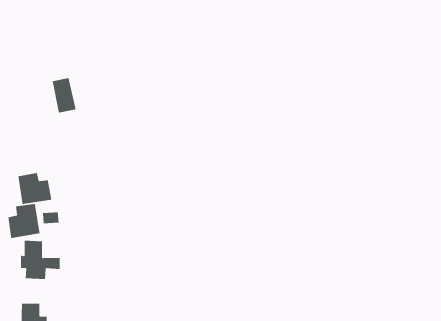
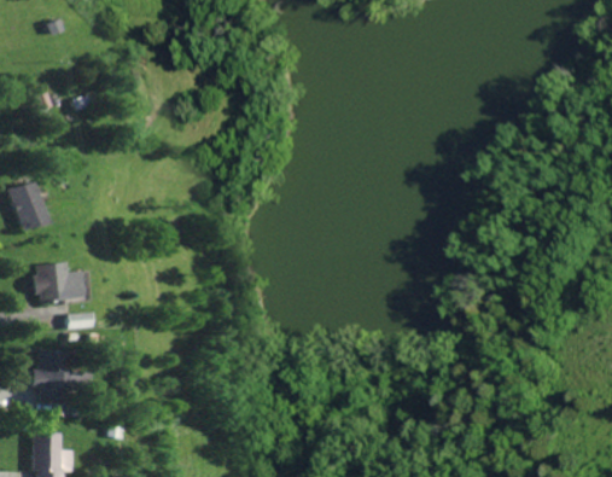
building: [52,78,76,113] -> [14,182,47,229]
building: [8,203,40,239] -> none

